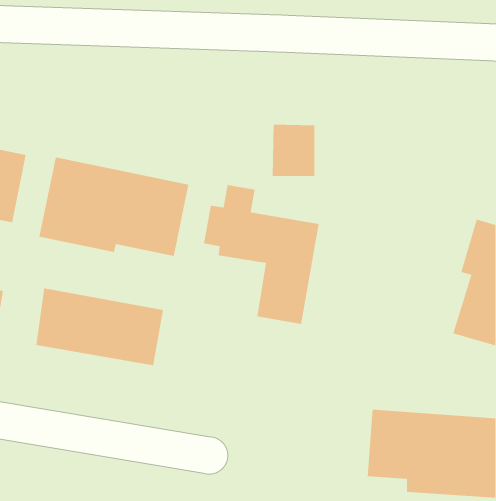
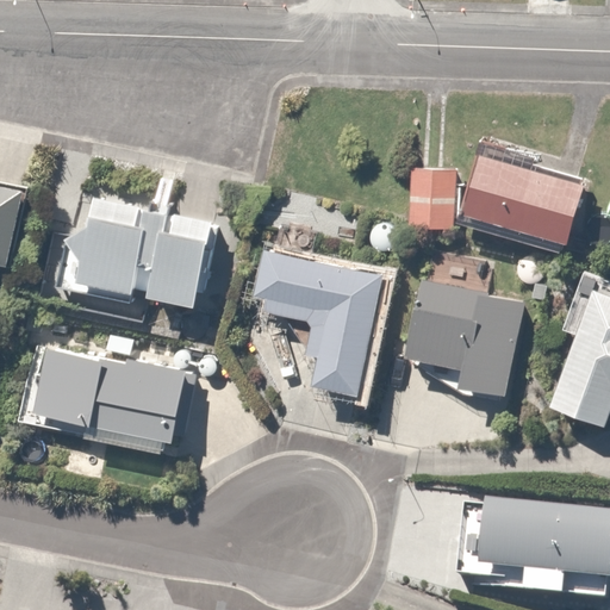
building: none -> [458,142,595,255]
building: [272,124,315,177] -> [399,166,452,229]
building: none -> [411,257,530,400]

